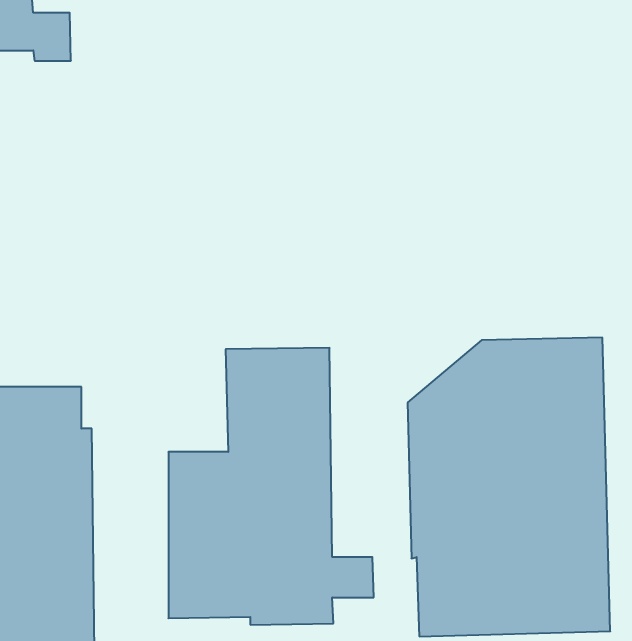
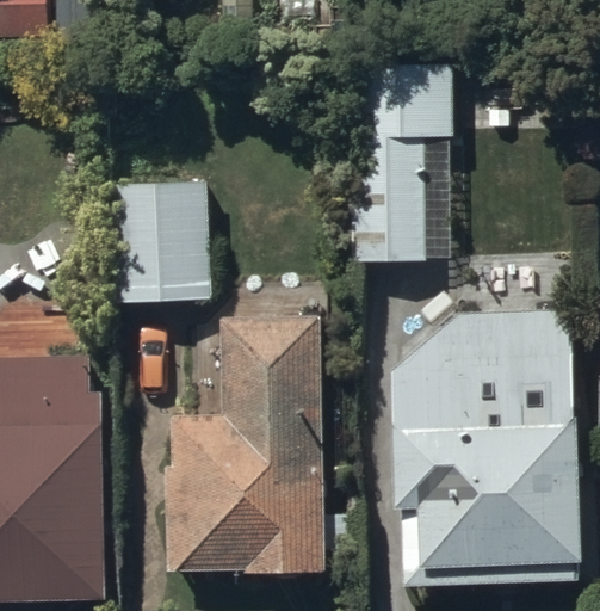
building: none -> [351,67,451,263]
building: none -> [101,181,208,304]

